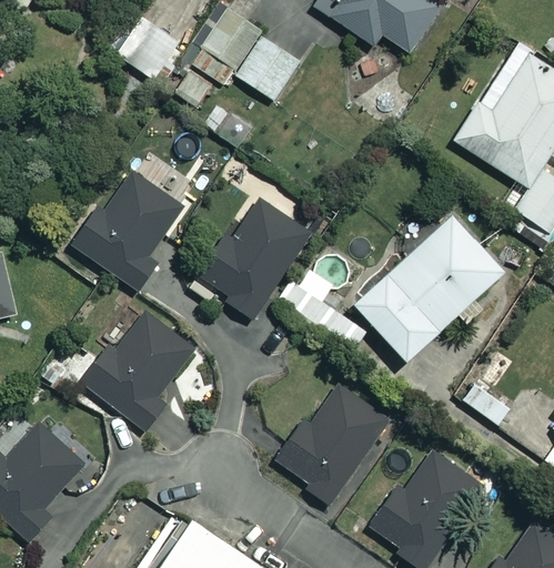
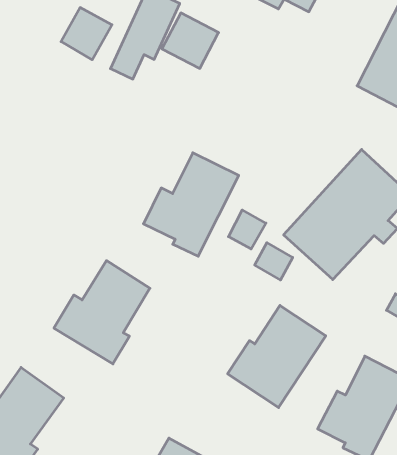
building: [69,172,181,291] -> none

